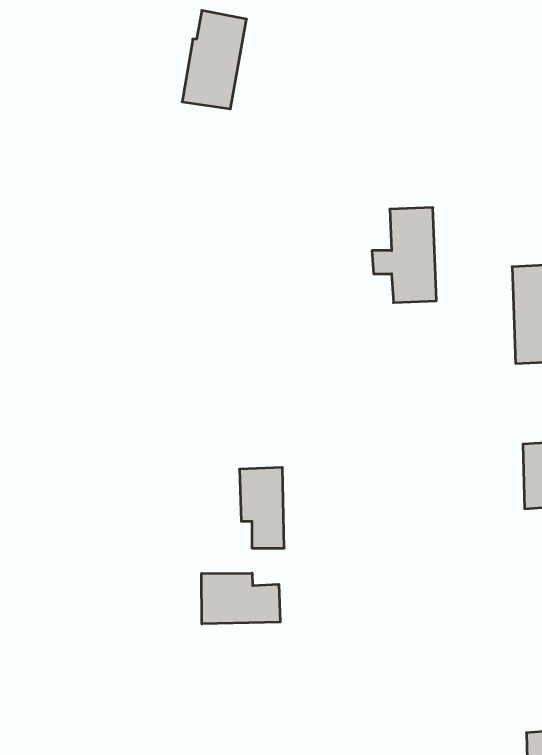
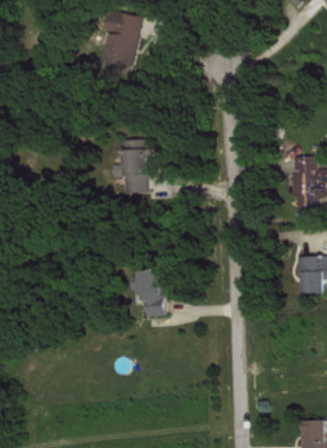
building: [372,208,436,303] -> [113,139,149,193]
building: [202,573,280,624] -> none

